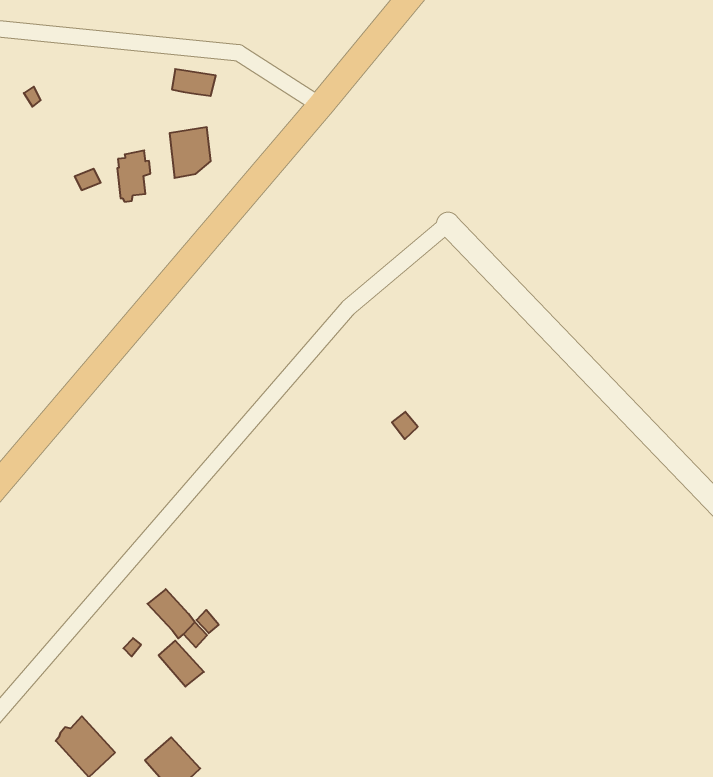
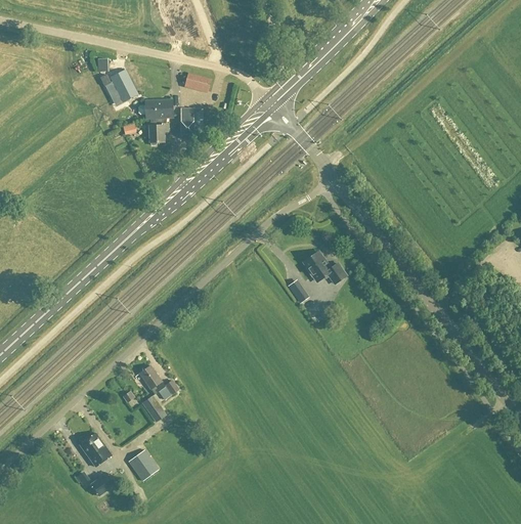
building: none -> [110,70,136,98]
building: none -> [137,99,172,118]
building: none -> [303,252,345,283]

